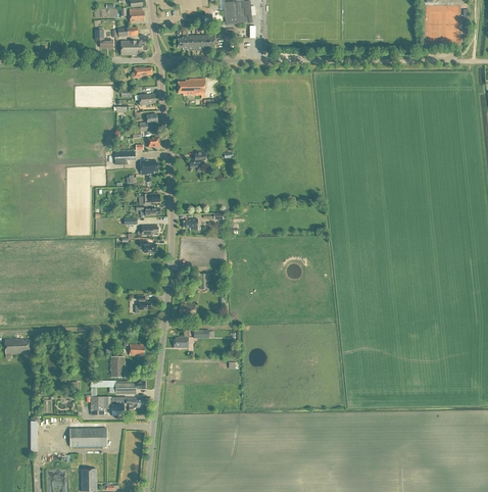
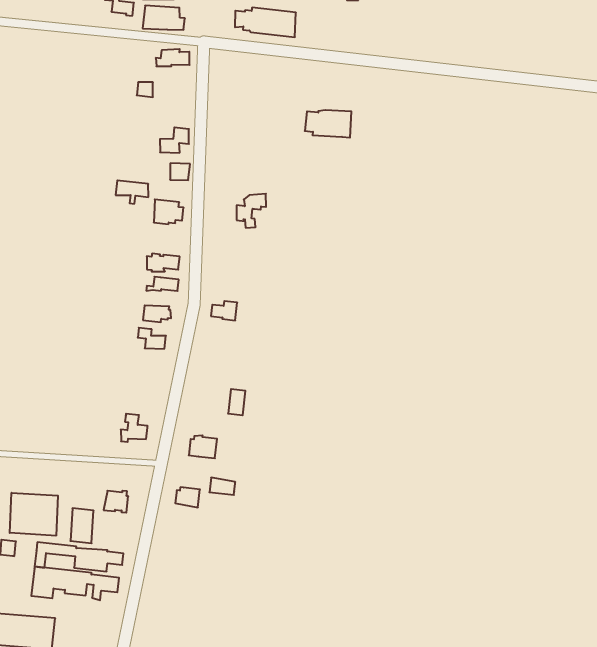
building: [178,78,206,95] -> [305,110,351,138]
building: none -> [10,493,58,536]

